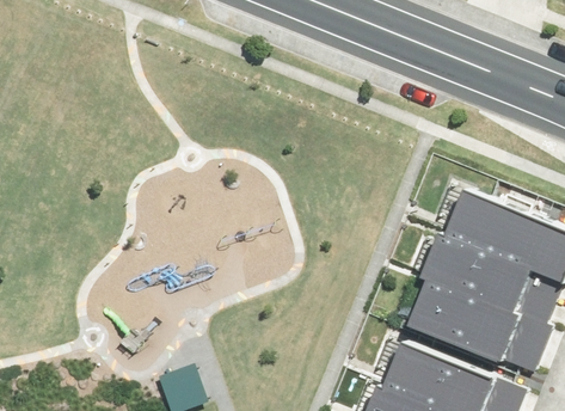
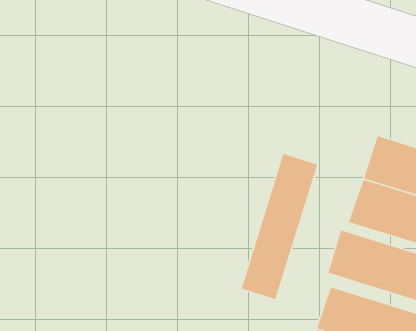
building: none -> [241,153,318,300]

